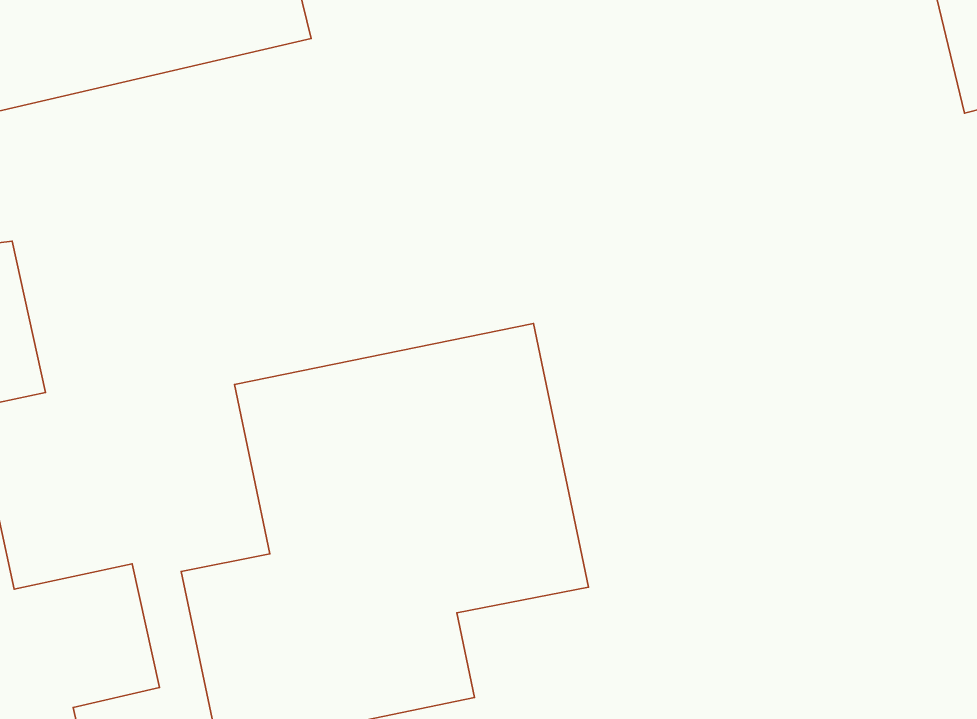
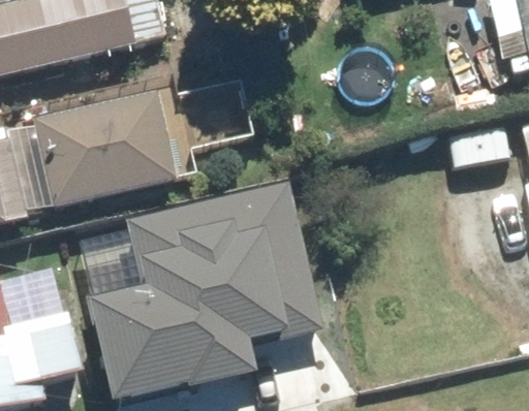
building: none -> [32,89,181,208]

